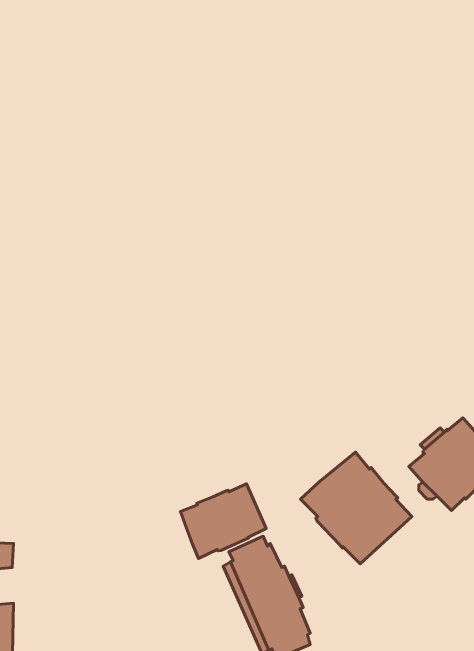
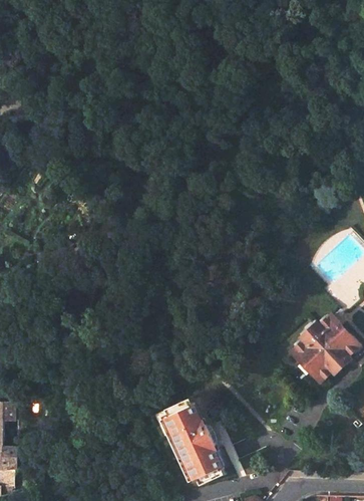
building: [300,452,412,564] -> none
building: [180,484,266,558] -> none

